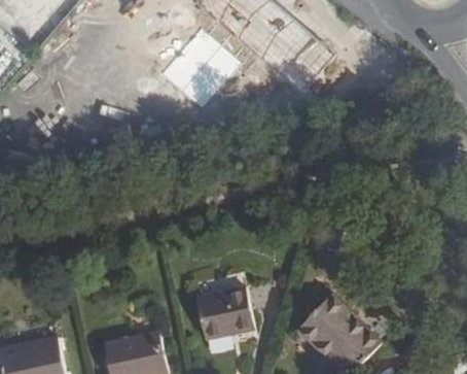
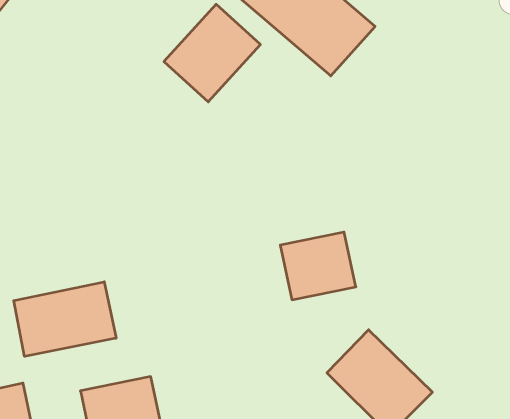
building: none -> [14,282,116,356]
building: [191,283,251,337] -> [280,232,356,300]

